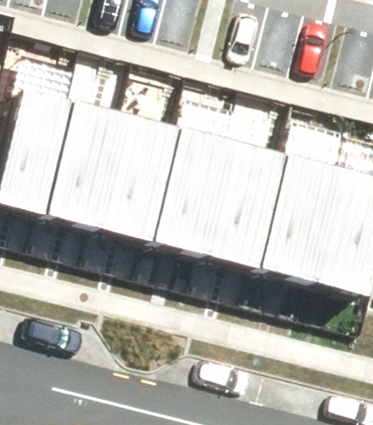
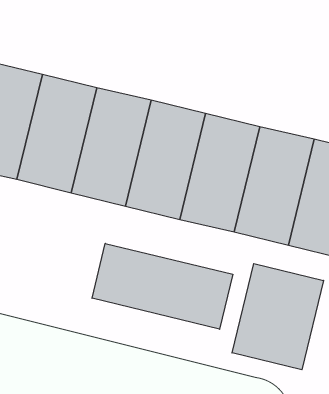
building: none -> [92,243,233,329]
building: none -> [232,264,324,370]

